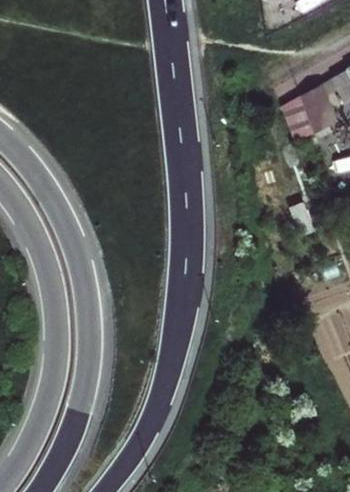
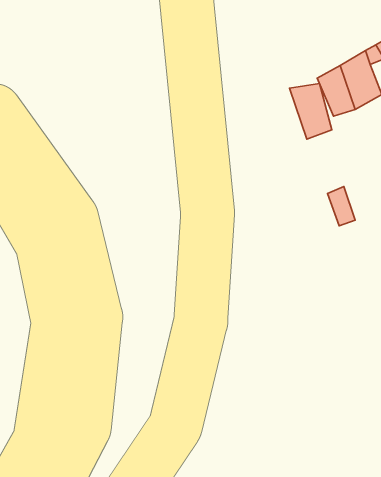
building: none -> [289,84,332,139]

